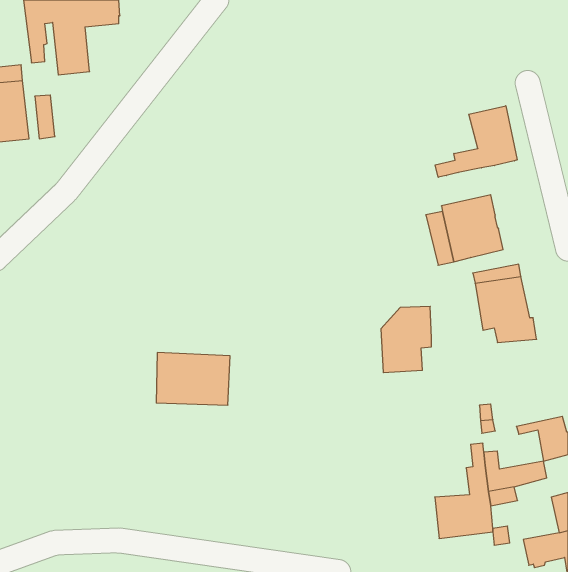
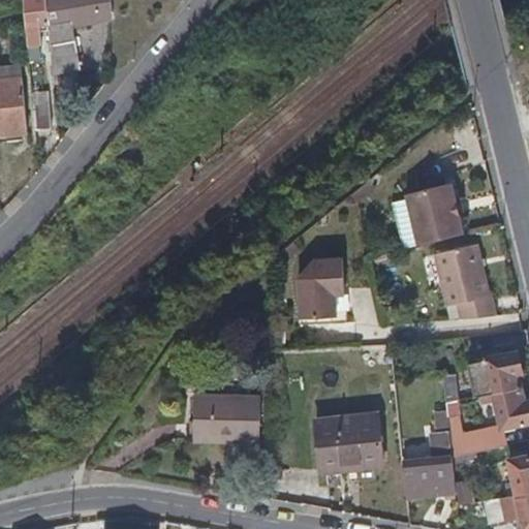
building: [435,106,517,177] -> none
building: [381,306,431,373] -> [298,253,344,314]
building: [156,353,230,405] -> [192,395,260,443]
building: none -> [467,350,520,395]
building: none -> [313,415,380,473]

